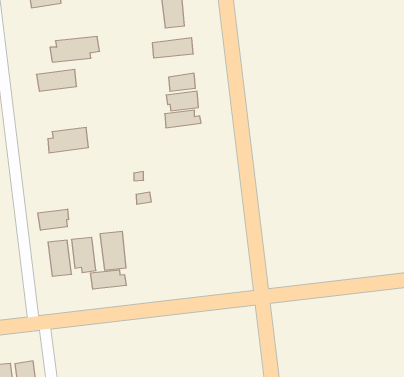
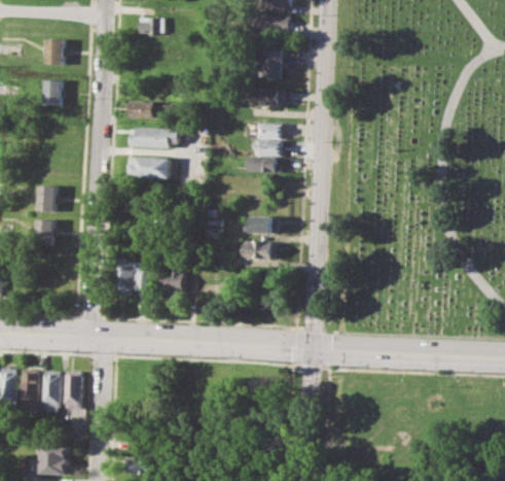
building: [50,36,100,62] -> [132,127,178,148]
building: none -> [240,216,276,233]
building: none -> [241,241,275,260]
building: [38,209,69,230] -> none
building: [91,270,126,289] -> none

